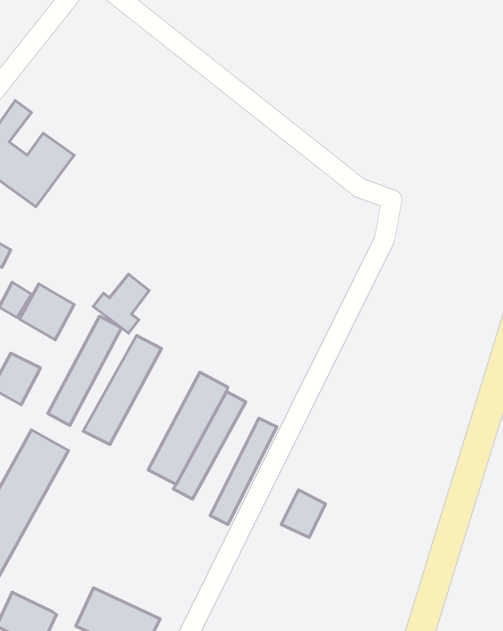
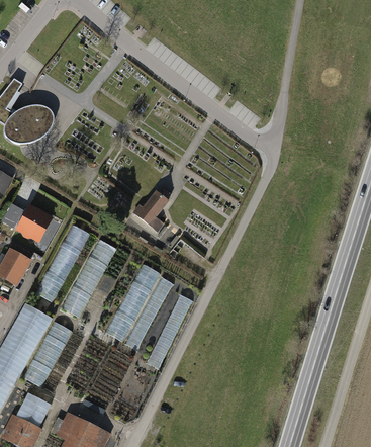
building: [93,274,149,333] -> [131,189,170,230]
building: none -> [24,318,72,384]
building: [281,490,325,538] -> none
building: none -> [16,391,52,427]

